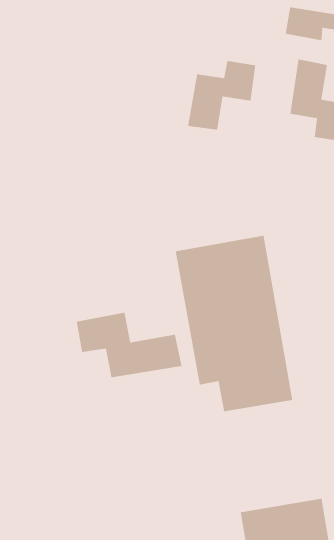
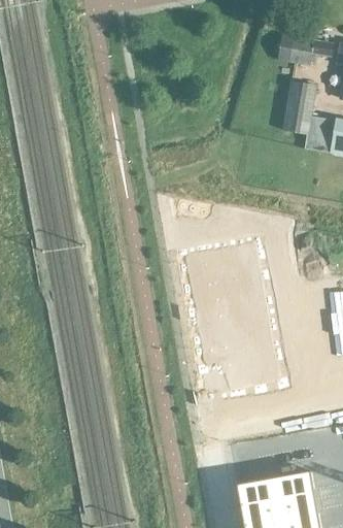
building: [187,60,256,131] -> none
building: [76,312,182,378] -> none

